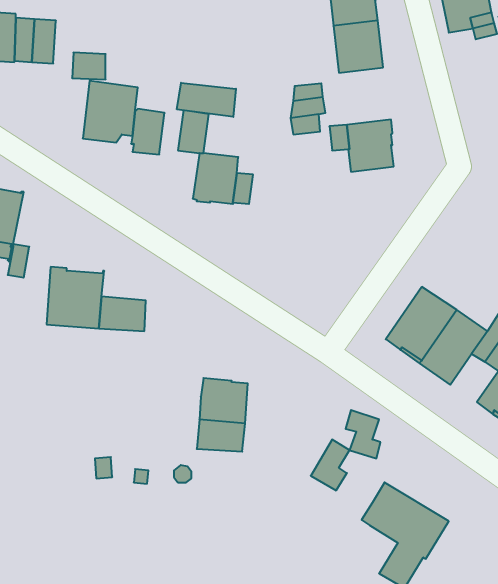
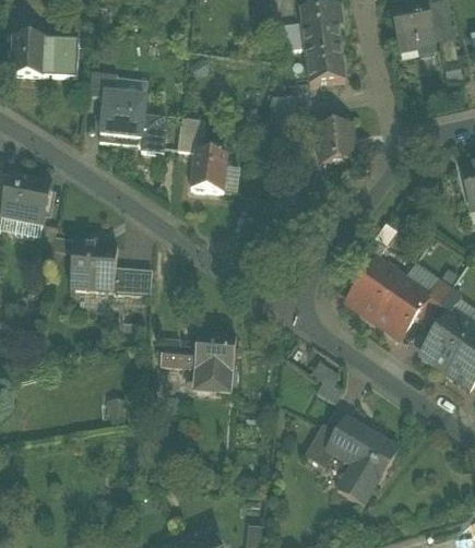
building: [177,83,236,117] -> none
building: none -> [161,337,195,366]
building: [311,440,350,490] -> [304,425,335,466]

